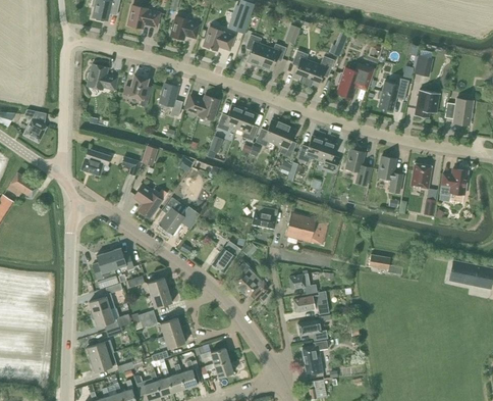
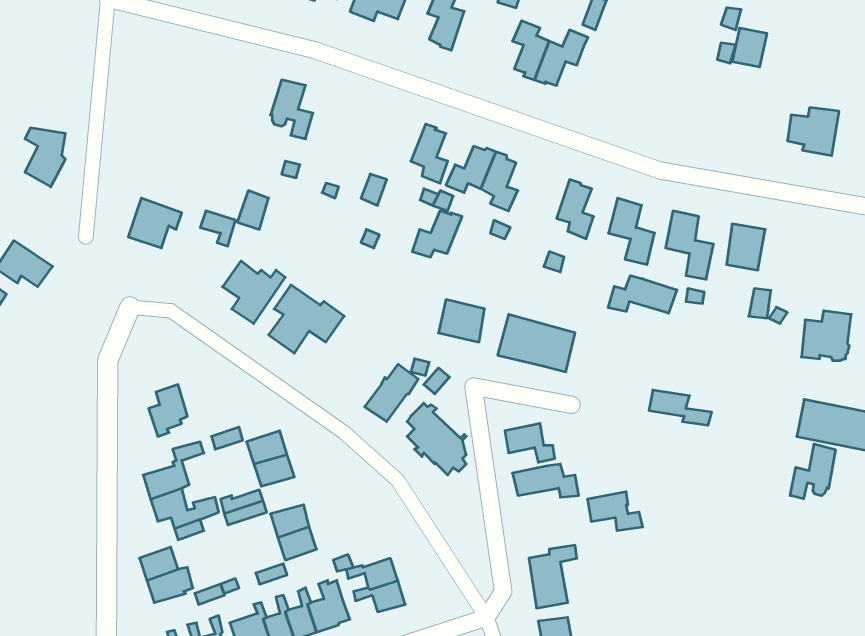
building: [259,44,285,70] -> none
building: [86,63,118,90] -> none
building: [336,63,374,98] -> none
building: [123,74,152,107] -> none
building: [377,77,409,111] -> none
building: [415,90,439,118] -> none
building: [185,95,219,120] -> none
building: [217,105,244,131] -> [412,211,462,257]
building: [297,136,324,162] -> none
building: [440,168,468,196] -> [801,311,851,361]
building: none -> [608,276,677,313]
building: [108,248,133,271] -> none
building: none -> [790,444,835,499]
building: [297,319,328,341] -> [587,492,643,531]

